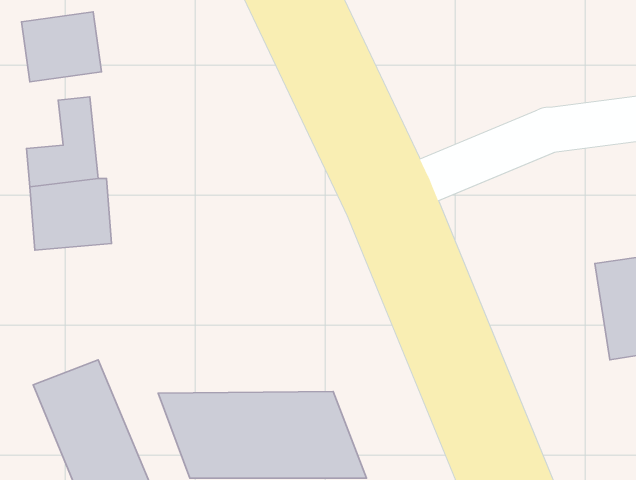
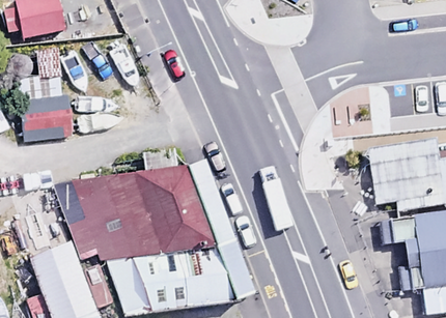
building: none -> [69,167,212,247]

